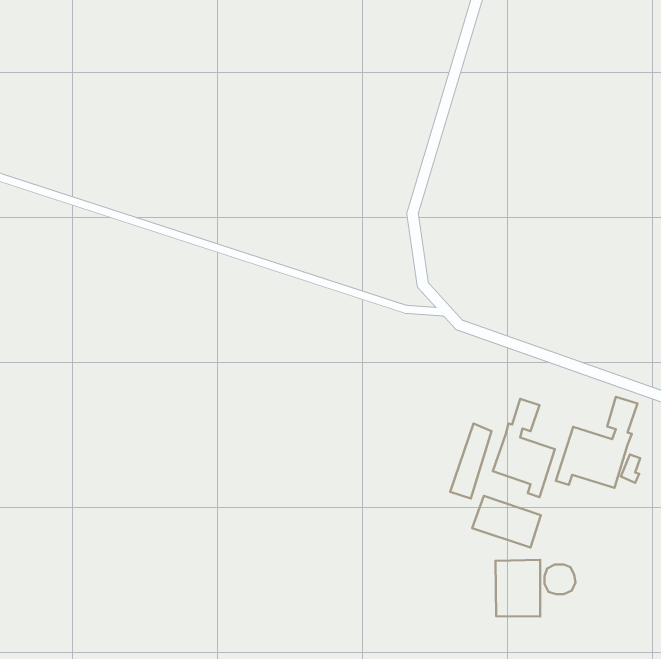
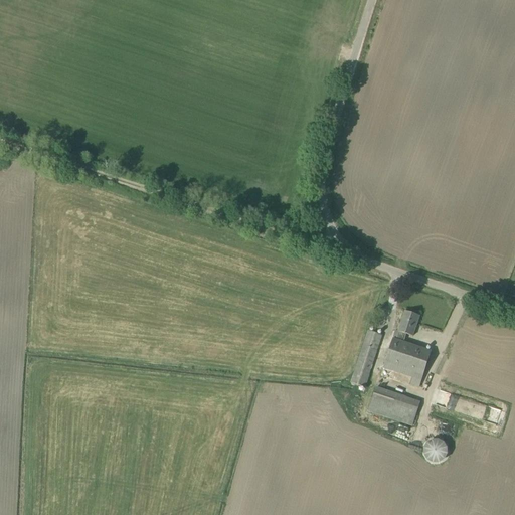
building: [556,397,638,488] -> none
building: [496,560,540,616] -> none

